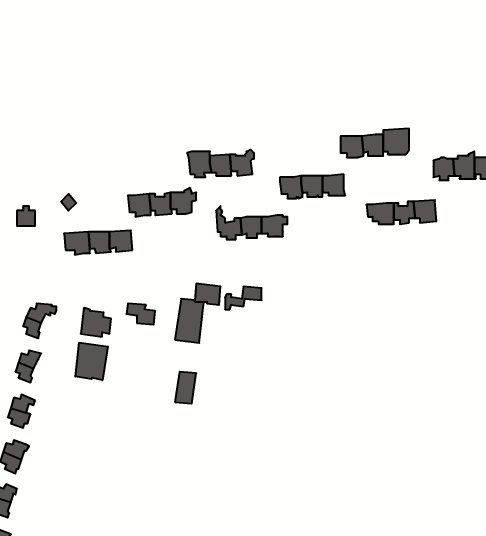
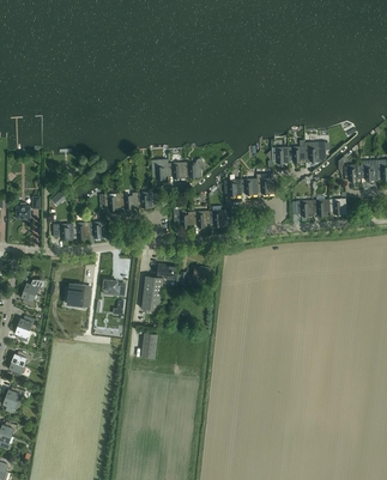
building: [75,343,108,380] -> none

